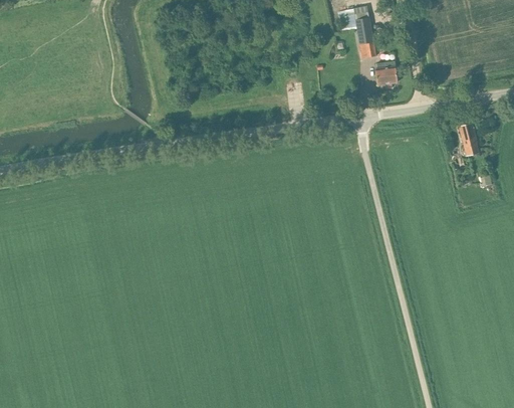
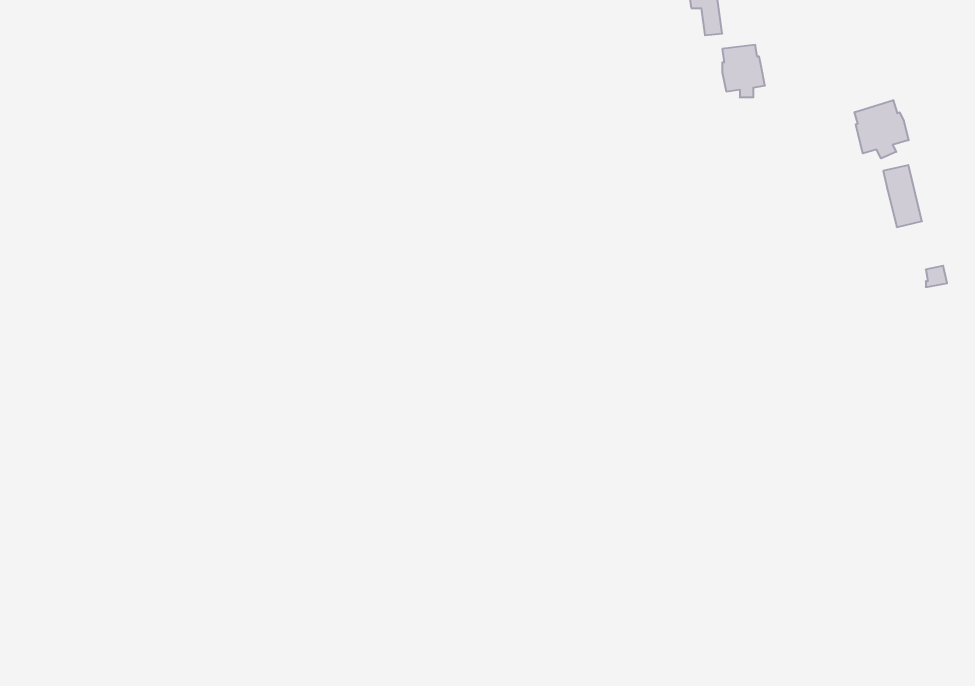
building: none -> [855,100,909,158]

